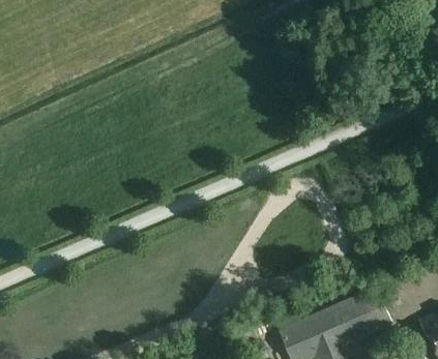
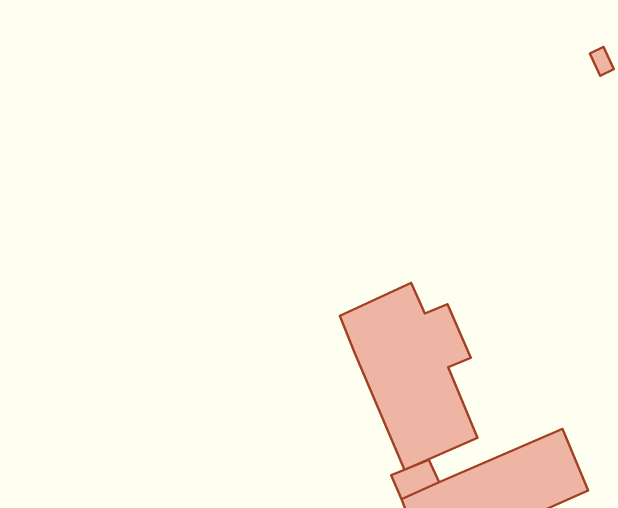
building: none -> [340,283,477,470]

